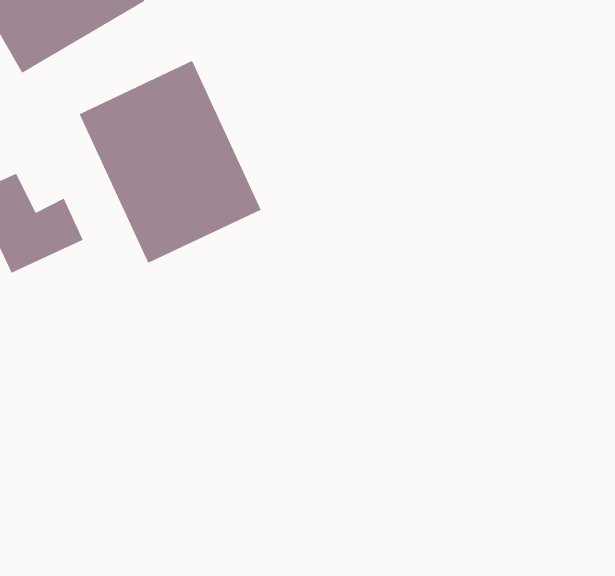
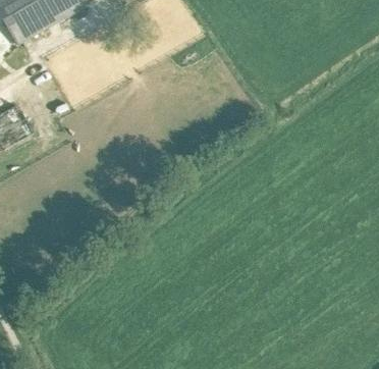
building: [78,60,262,264] -> none

